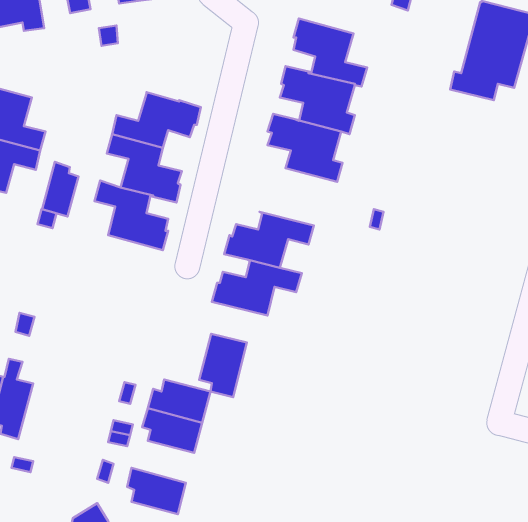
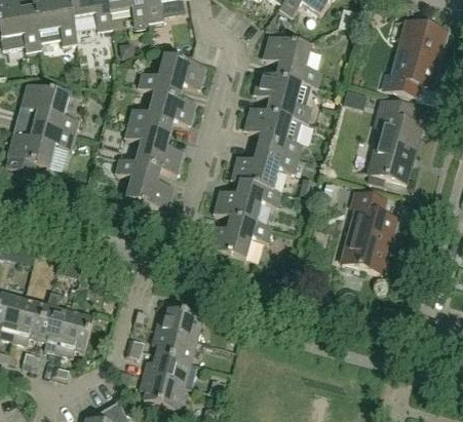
building: none -> [139,53,206,97]
building: none -> [353,99,422,182]
building: [42,162,79,216] -> none
building: none -> [231,147,299,188]
building: none -> [342,190,397,273]
building: [199,334,247,397] -> none
building: none -> [59,309,93,354]
building: none -> [144,352,191,384]

